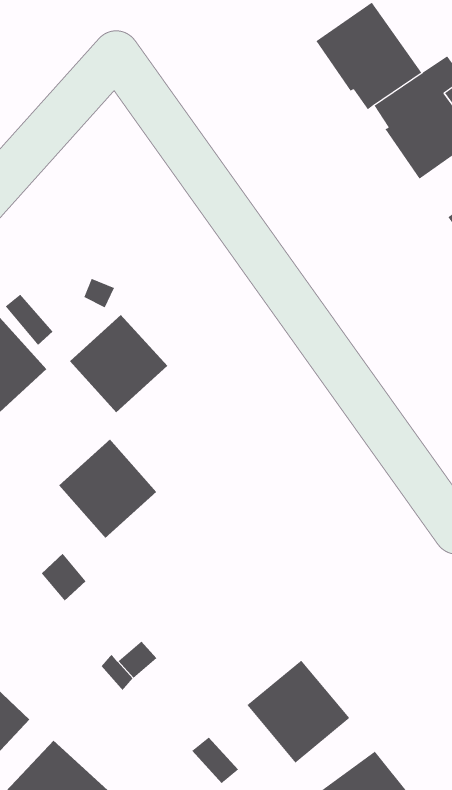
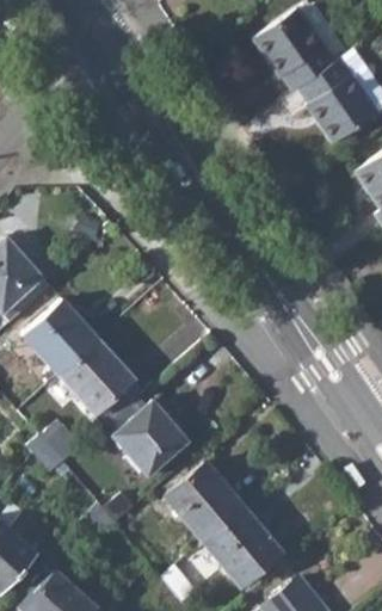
building: [69,314,168,413] -> [24,301,99,376]
building: none -> [112,401,189,476]
building: none -> [165,462,245,543]

